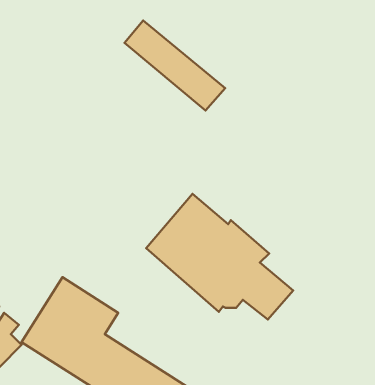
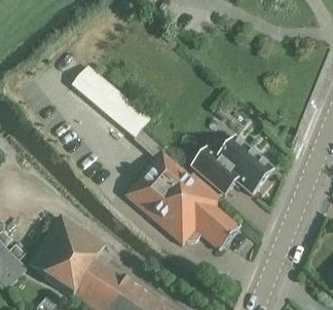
building: [125,20,225,111] -> [71,65,149,134]
building: none -> [189,134,272,193]

